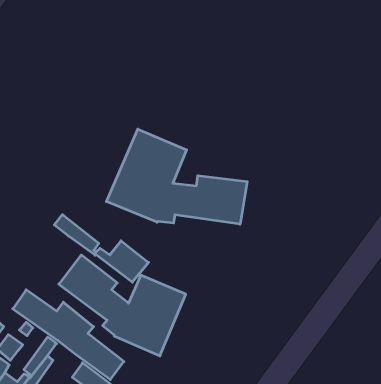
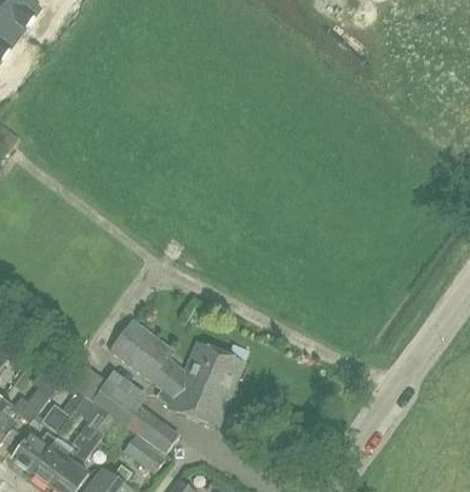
building: [106,129,247,224] -> none
building: [54,215,149,282] -> none

